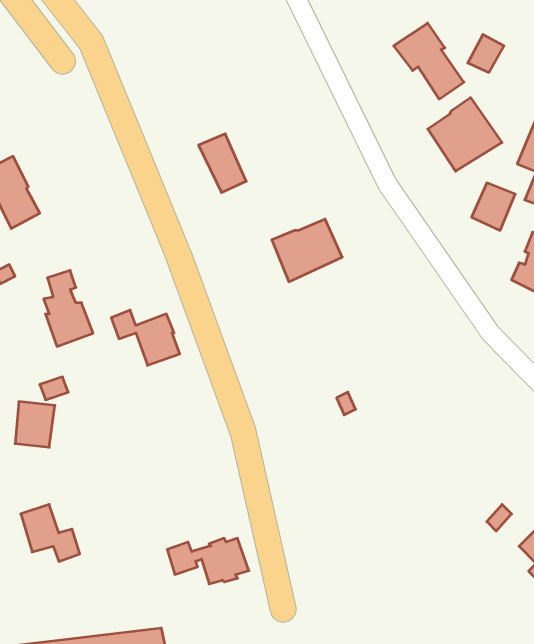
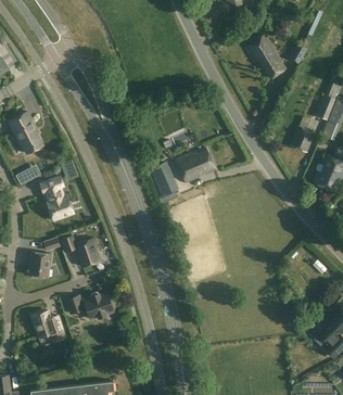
building: [428,98,502,171] -> none
building: [199,134,246,193] -> [150,161,177,194]
building: [111,310,180,365] -> [61,234,100,266]
building: [167,538,249,584] -> [66,292,113,318]

